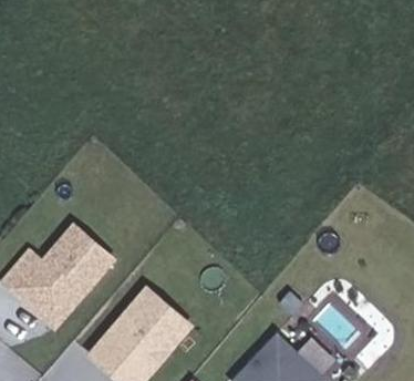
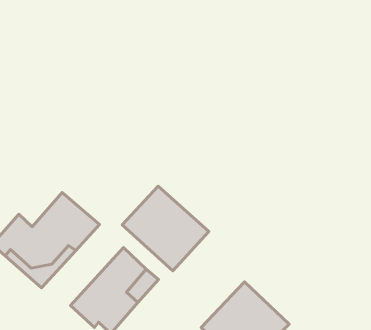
building: none -> [122,186,209,271]

